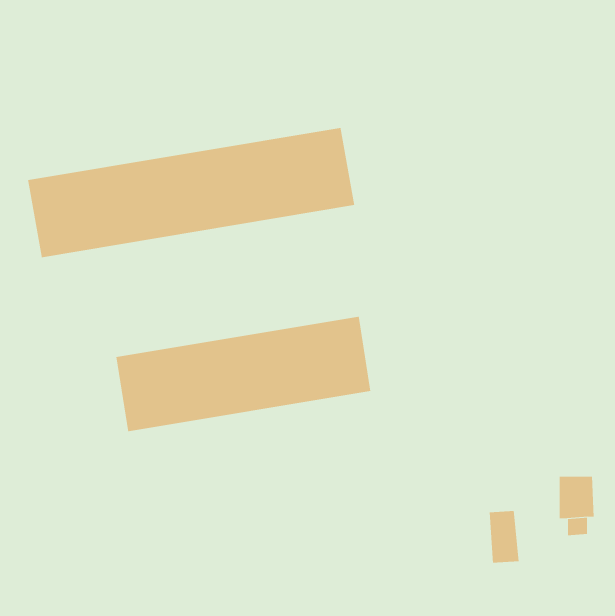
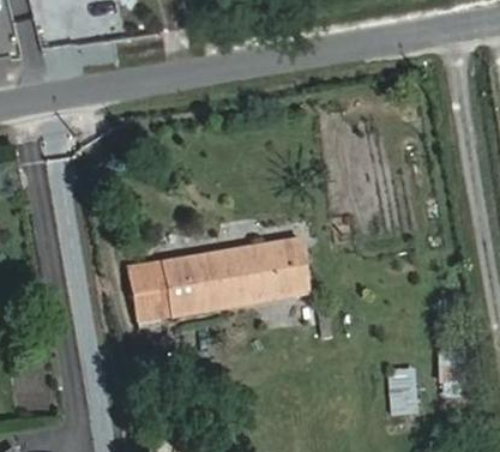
building: [28,127,355,258] -> none

